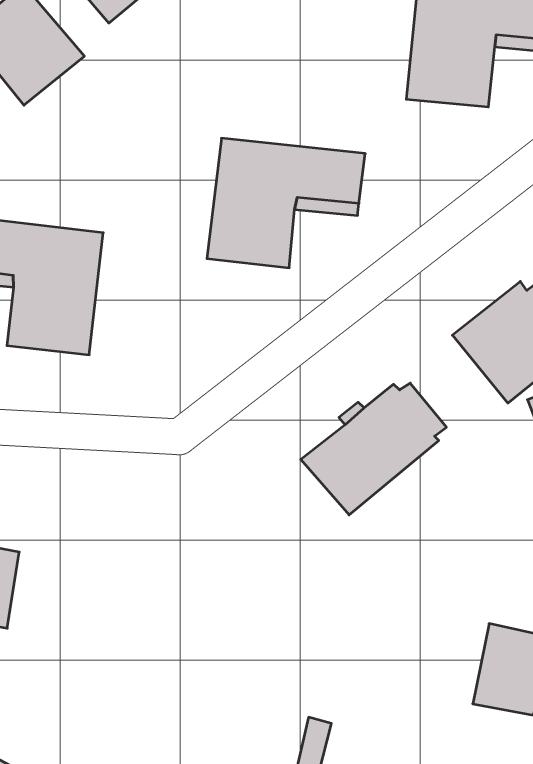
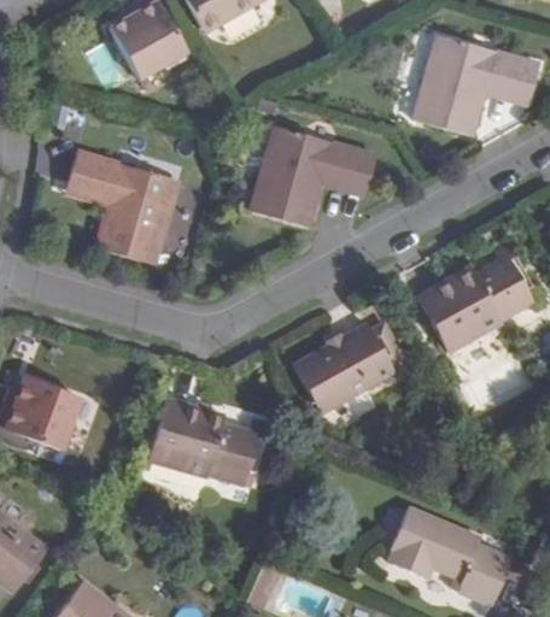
building: none -> [147,398,270,487]

